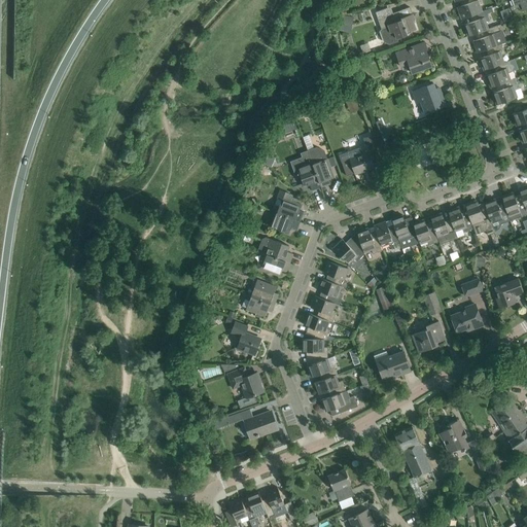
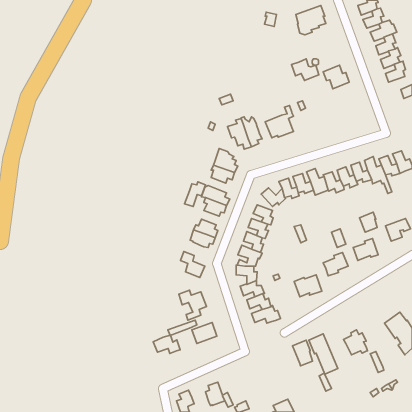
building: [396,45,431,73] -> [292,59,319,81]
building: none -> [185,182,206,207]
building: none -> [153,335,180,353]
building: [328,469,354,502] -> [293,340,313,366]
building: [244,492,267,520] -> none

